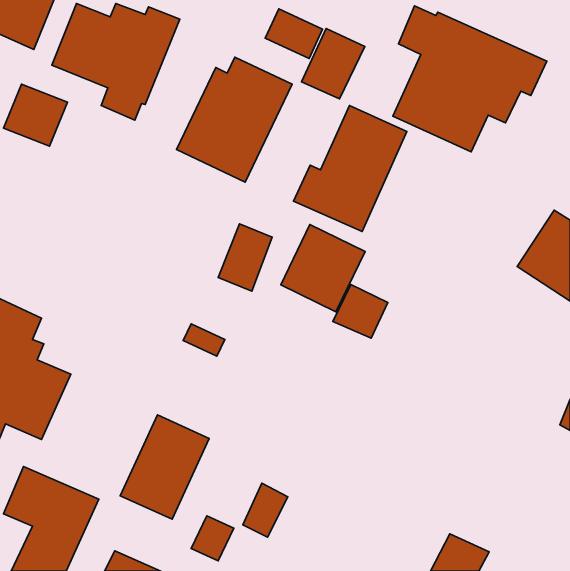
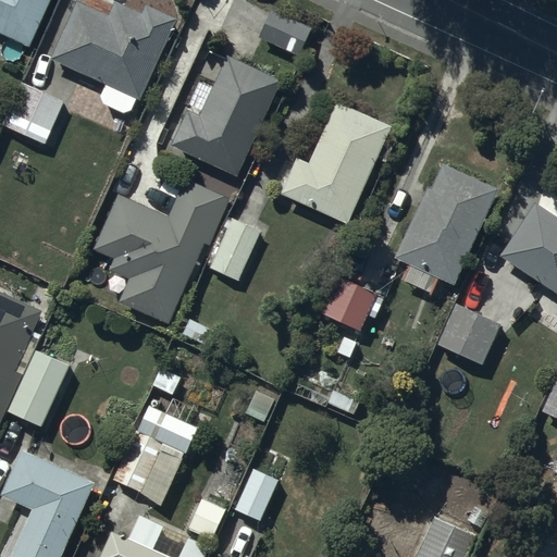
building: [393,6,547,152] -> none
building: [301,29,365,99] -> none
building: none -> [393,166,502,298]
building: none -> [87,183,224,327]
building: [281,225,365,312] -> none
building: none -> [436,302,502,366]

